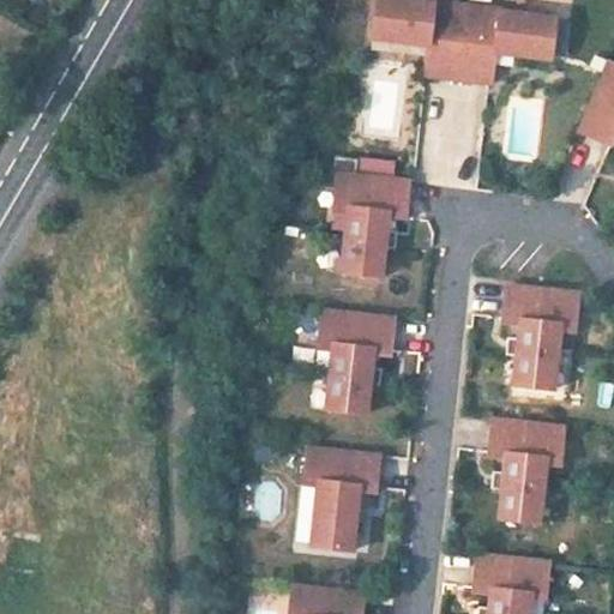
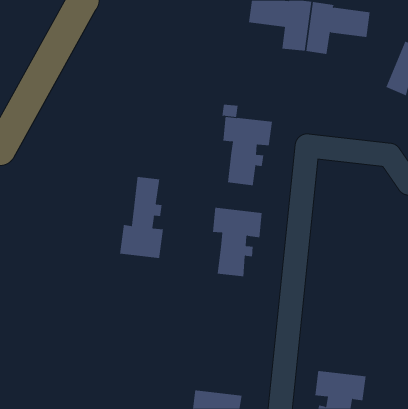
building: none -> [120,176,164,259]
building: [502,284,580,387] -> none
building: [488,420,566,523] -> none
building: [305,447,380,552] -> none

